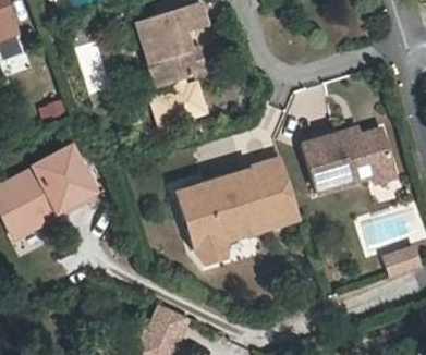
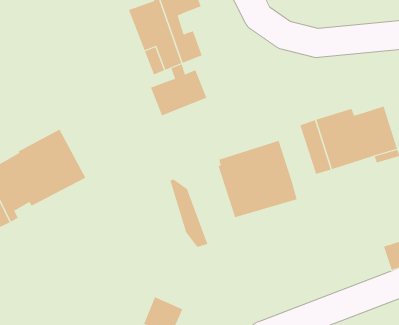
building: [181,180,239,255] -> none

